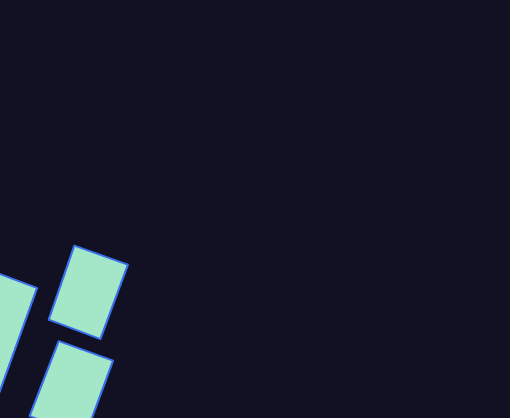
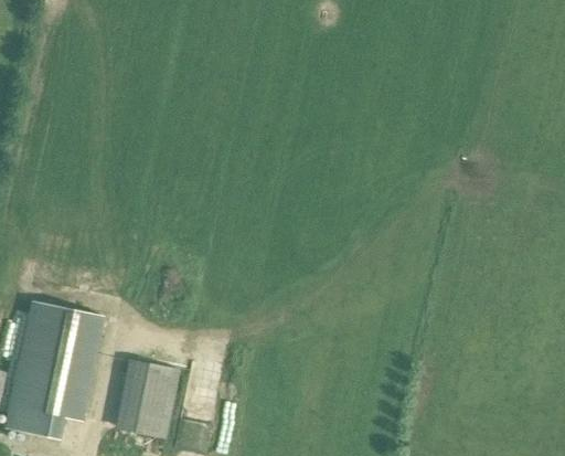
building: [49,246,128,339] -> none

